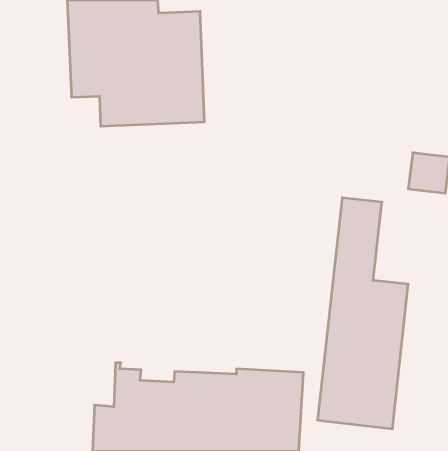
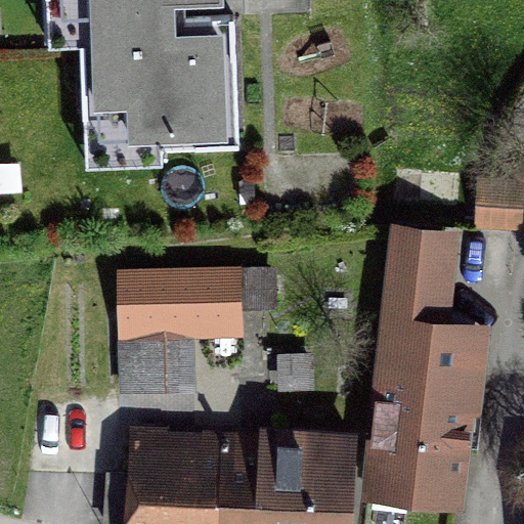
building: none -> [127,267,272,387]

